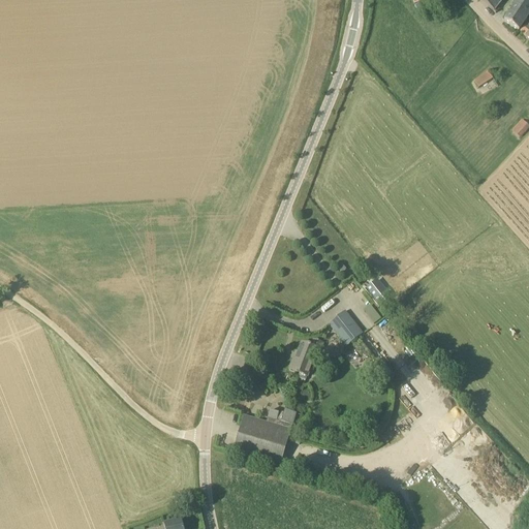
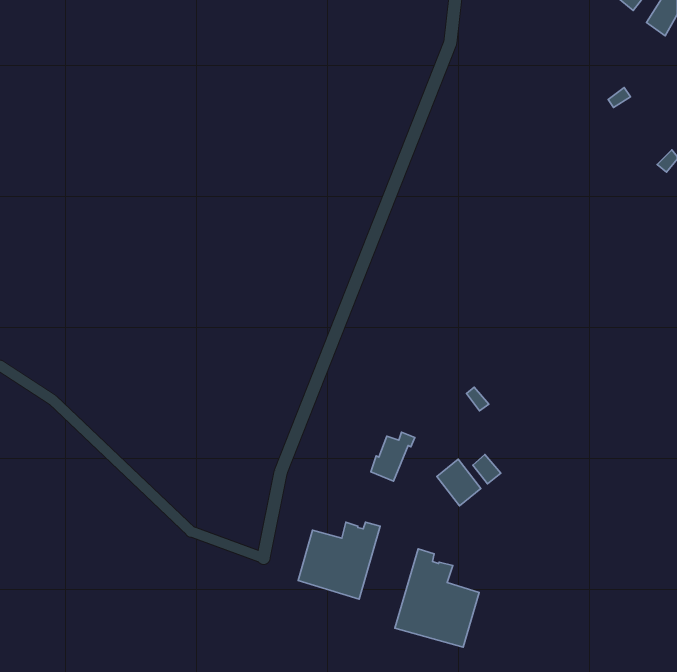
building: [329,308,363,344] -> [437,459,481,506]
building: none -> [395,549,479,647]

